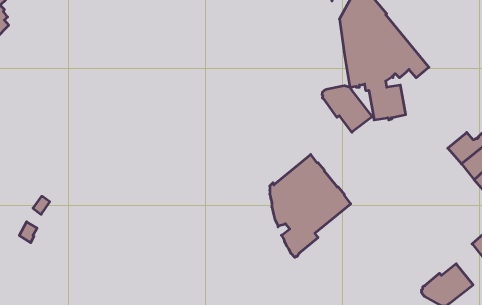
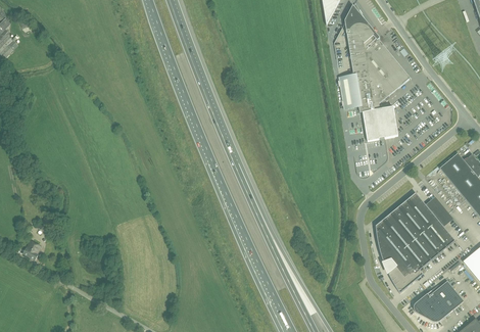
building: [322,86,372,132] -> none
building: [270,154,351,257] -> [376,192,454,292]

